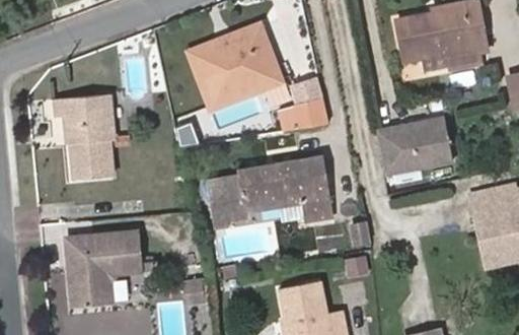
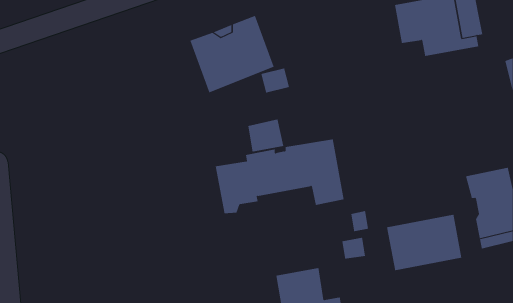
building: [52,91,110,176] -> none
building: [291,95,327,129] -> [248,119,284,152]
building: [376,115,452,172] -> [386,214,462,271]
building: [70,233,141,306] -> none

